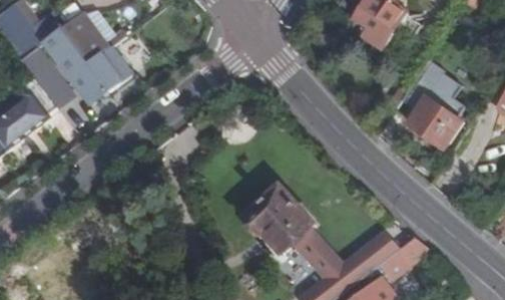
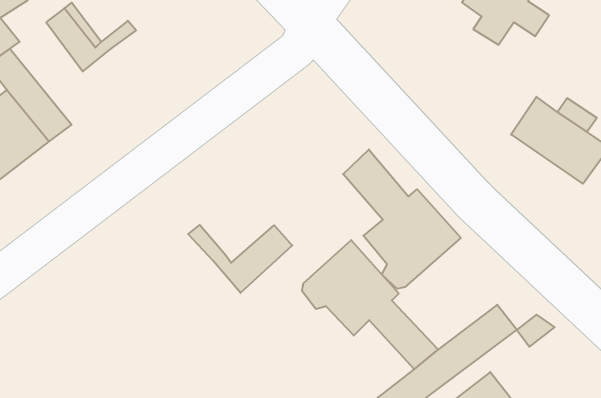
building: [44,30,127,104] -> none
building: none -> [343,149,461,289]
building: none -> [188,225,292,293]

